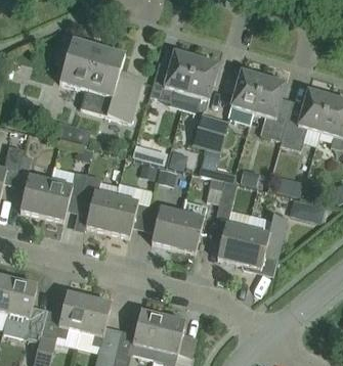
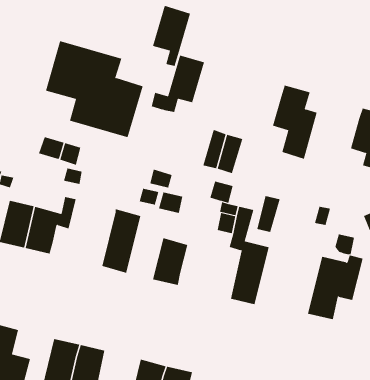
building: [185,56,218,108] -> [152,5,191,66]
building: [227,70,263,123] -> none
building: [280,89,330,148] -> none
building: [80,164,119,230] -> none
building: [173,198,207,251] -> none
building: [239,213,287,268] -> [307,255,364,320]

